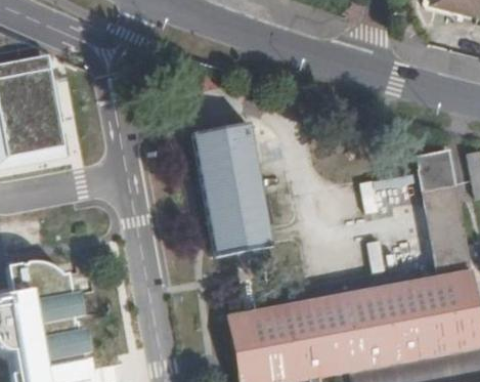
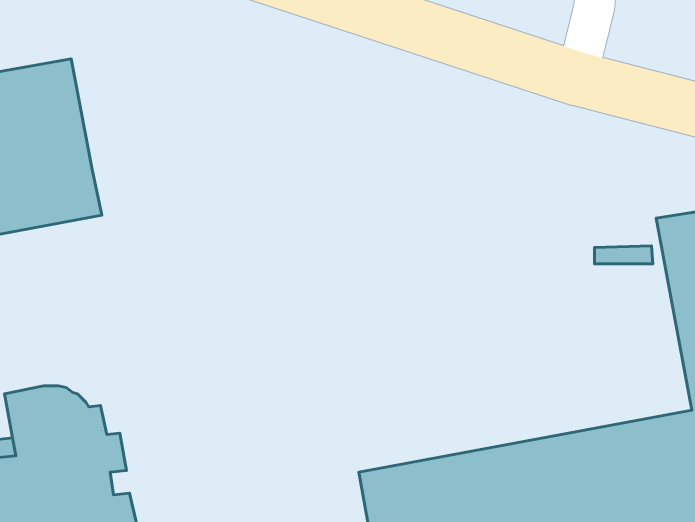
building: [194,126,271,255] -> none

